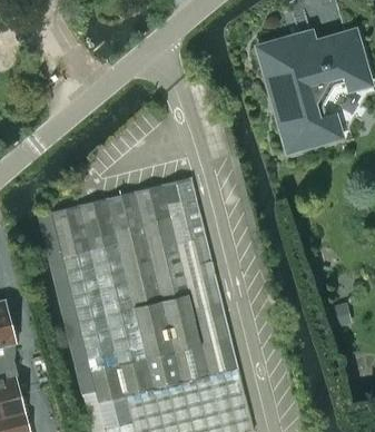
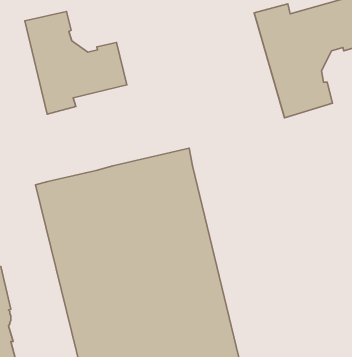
building: none -> [25,11,127,114]

